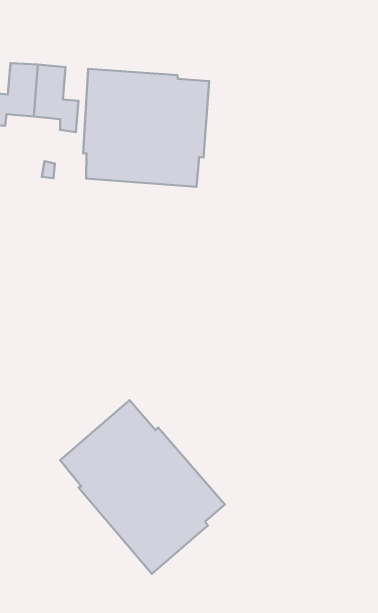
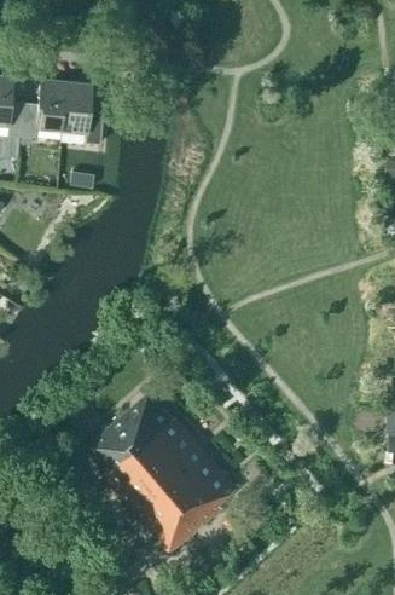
building: [83,69,209,187] -> none

